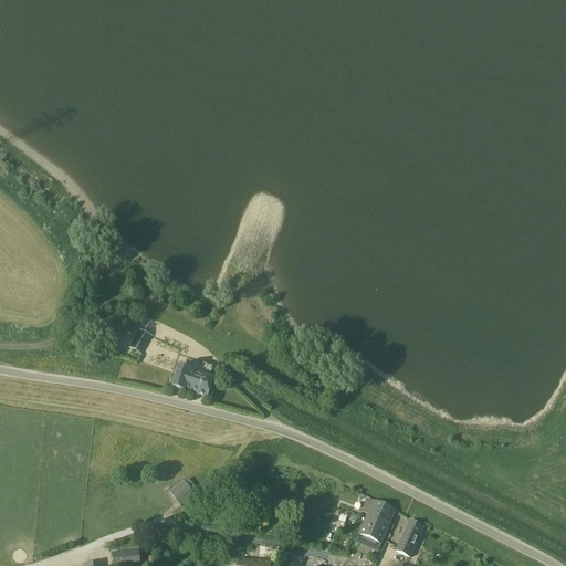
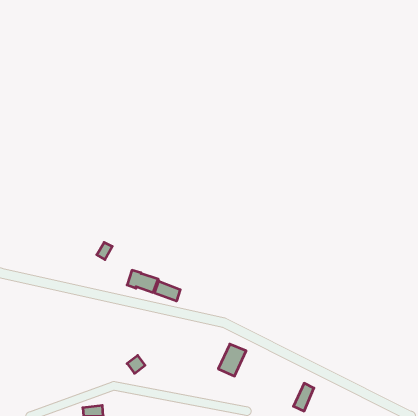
building: none -> [155,281,180,301]
building: [359,499,397,542] -> [218,344,246,376]

